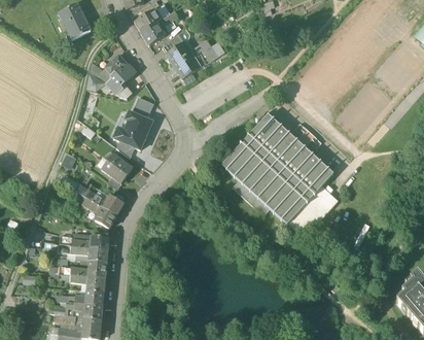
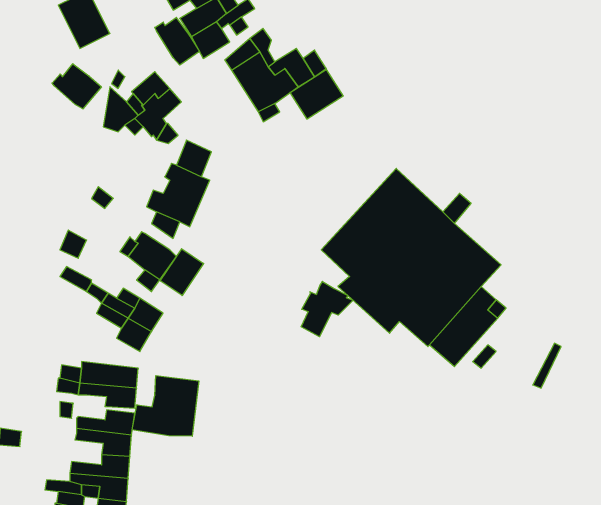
building: none -> [155,17,199,65]
building: none -> [52,64,101,109]
building: none -> [290,69,343,119]
building: none -> [160,249,204,296]
building: none -> [301,281,353,337]
building: none -> [132,376,199,436]

